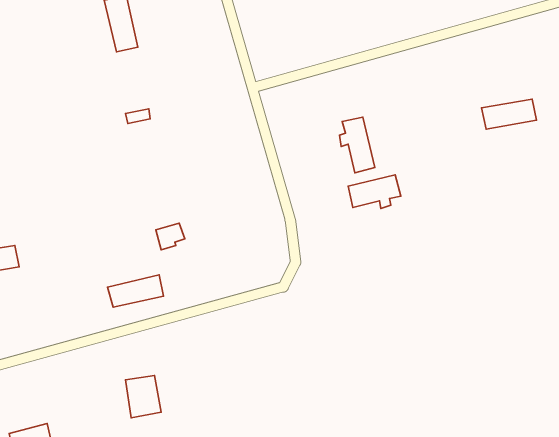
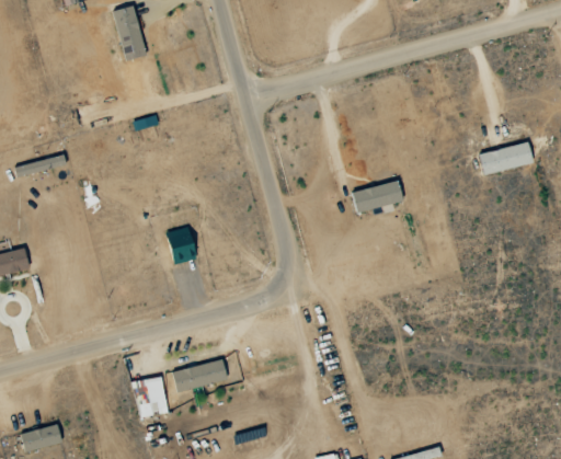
building: [482,99,536,129] -> [479,145,533,174]
building: [339,117,375,173] -> none
building: [108,275,164,307] -> [172,359,227,391]

